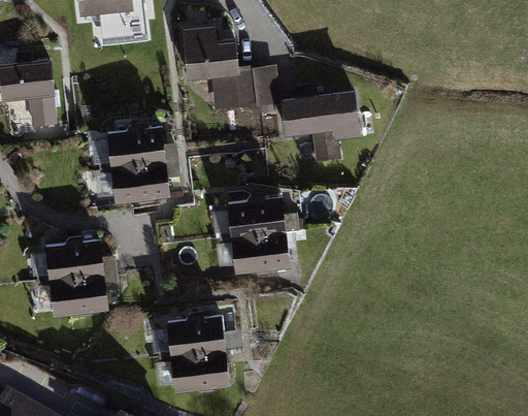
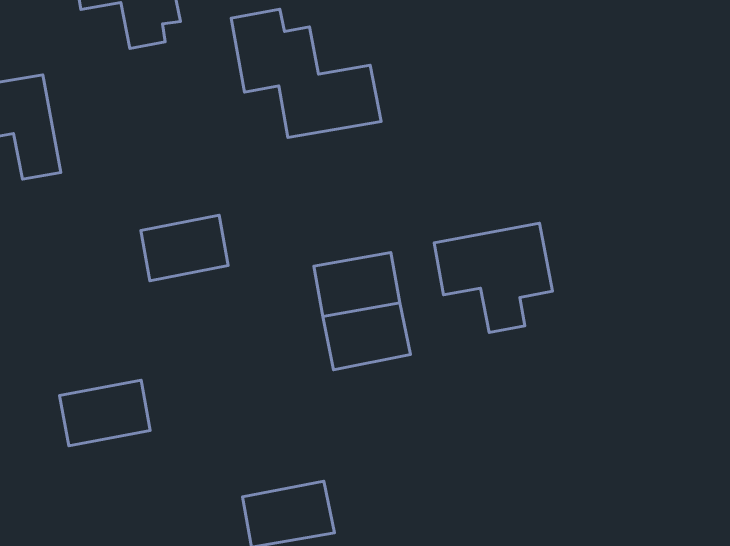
building: [282,89,361,162] -> [434,223,552,332]
building: [106,125,165,168] -> none
building: [43,238,104,279] -> none
building: [165,314,226,356] -> none

